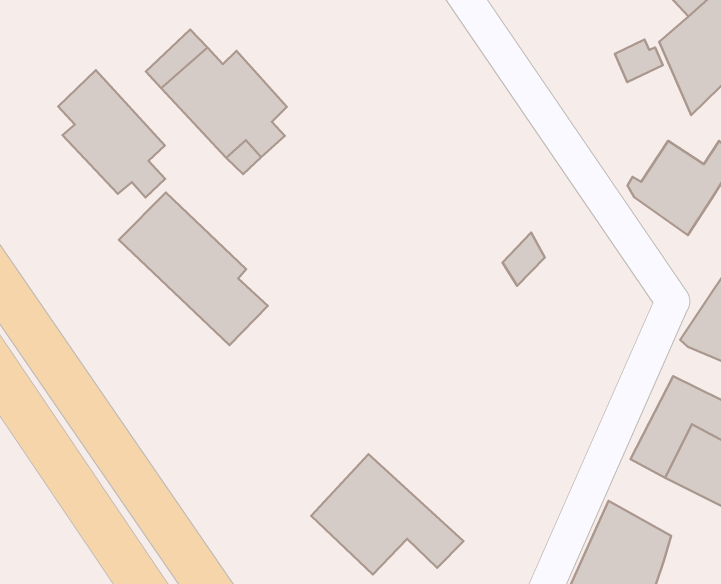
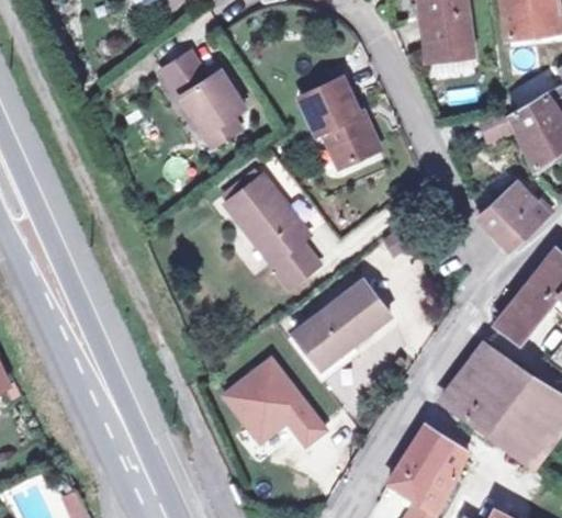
building: none -> [303,82,382,170]
building: [58,70,165,198] -> none
building: [119,193,268,345] -> [223,180,318,292]
building: none -> [293,283,390,373]

